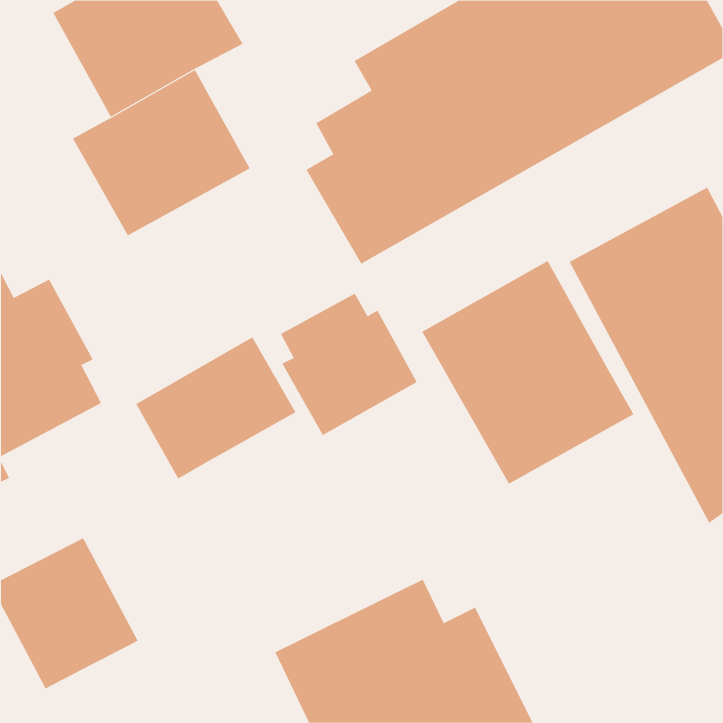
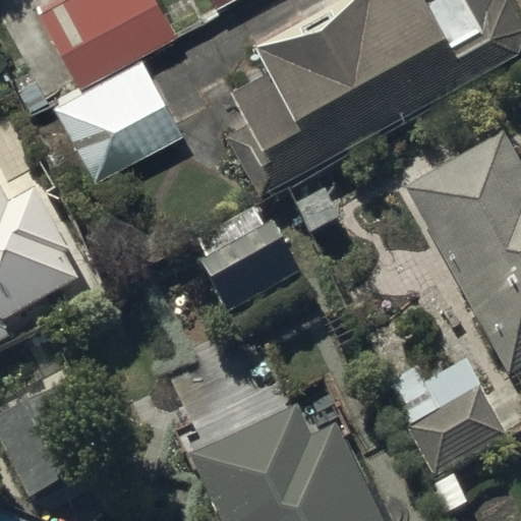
building: [421,260,634,485] -> none
building: [135,336,296,479] -> none
building: none -> [390,362,509,479]

